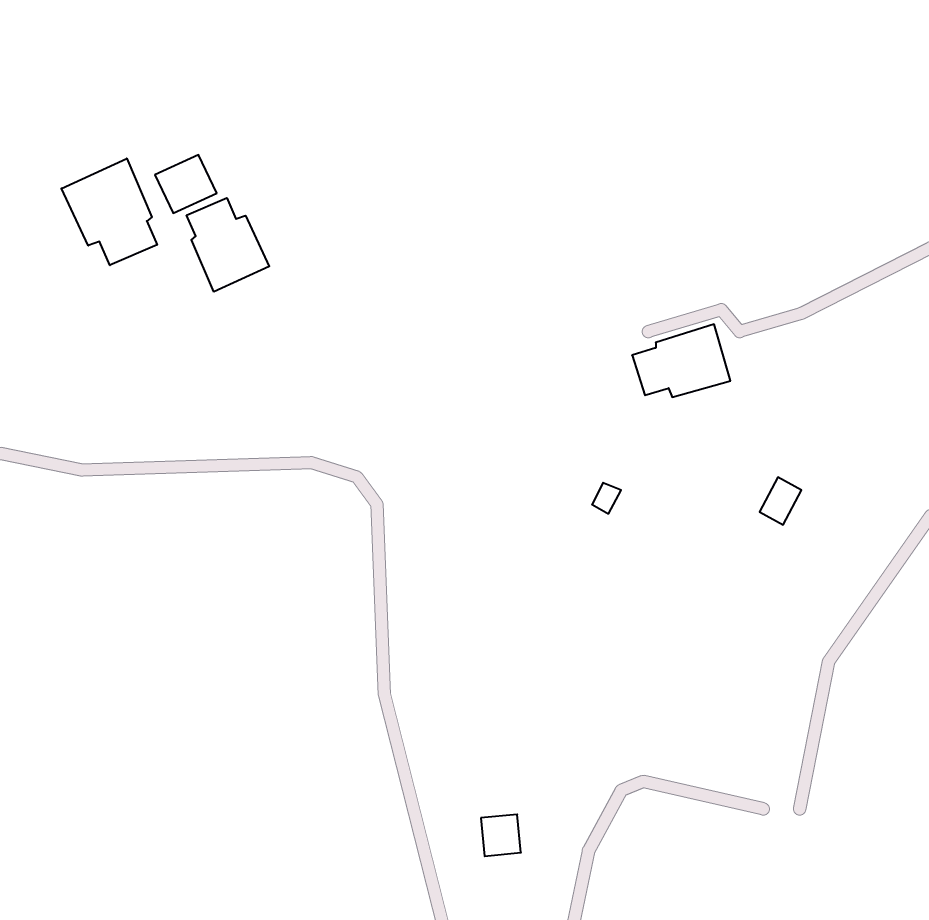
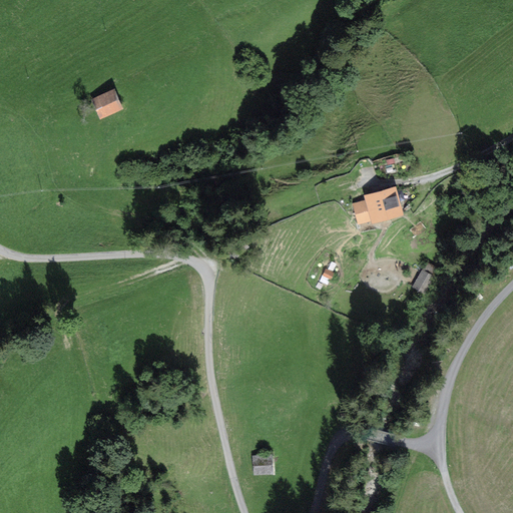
building: [61,158,157,265] -> none
building: [187,198,269,292] -> none

